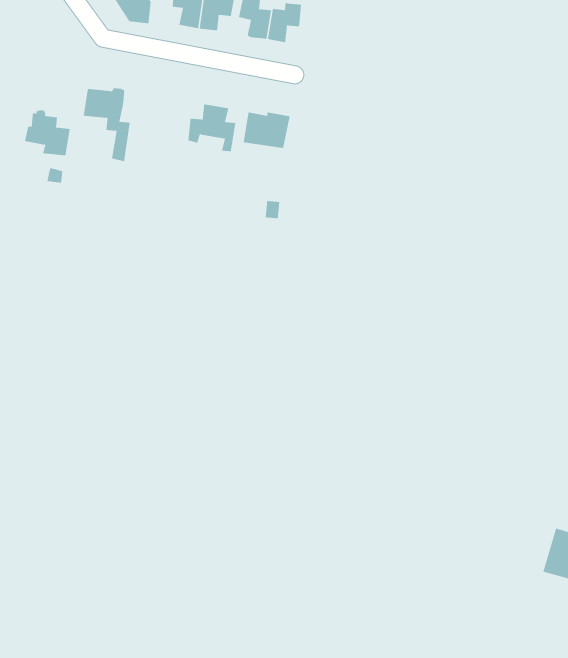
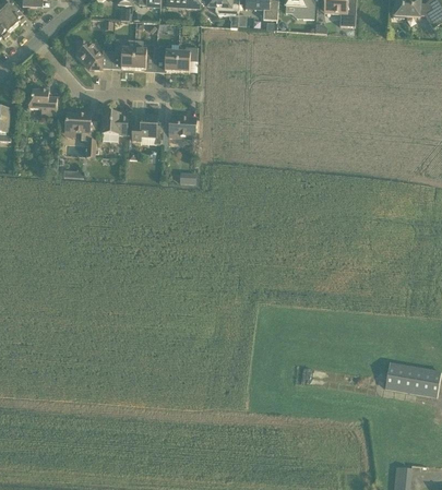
building: none -> [101,112,127,133]
building: [24,110,71,156] -> [28,87,57,115]

